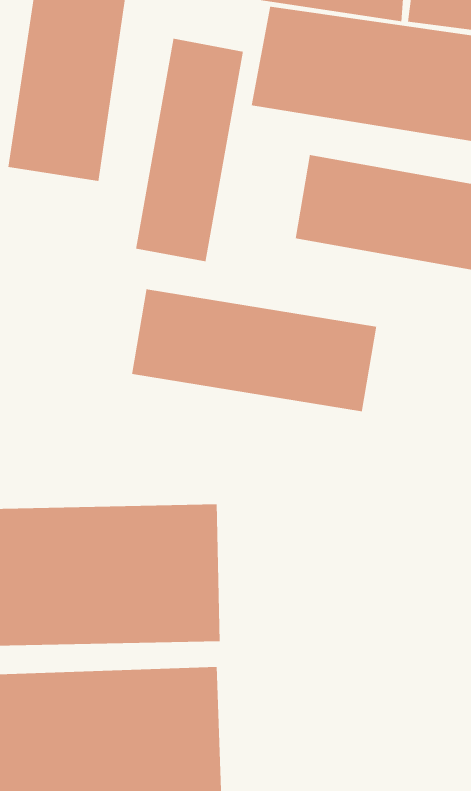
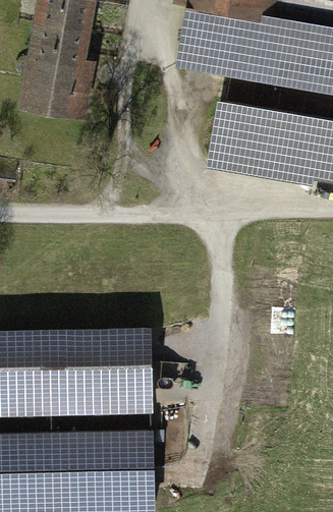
building: [135,38,243,262] -> none
building: [131,289,377,412] -> none

